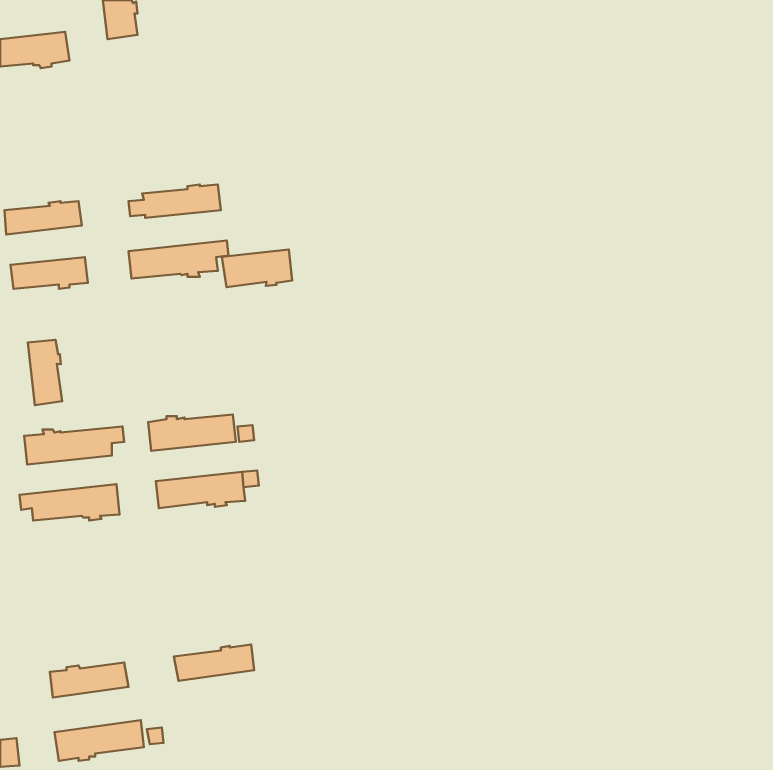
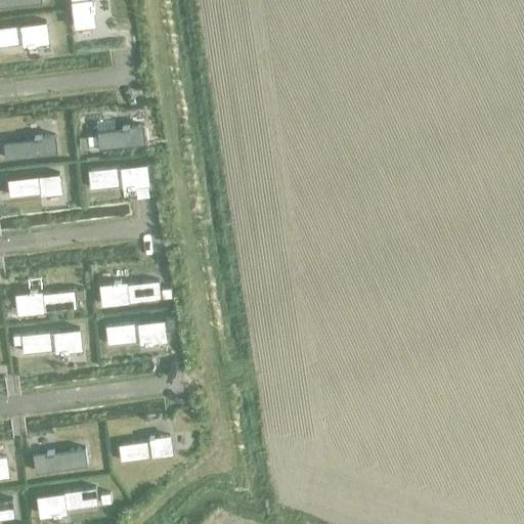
building: [222,249,292,287] -> none
building: [28,340,62,405] -> none

